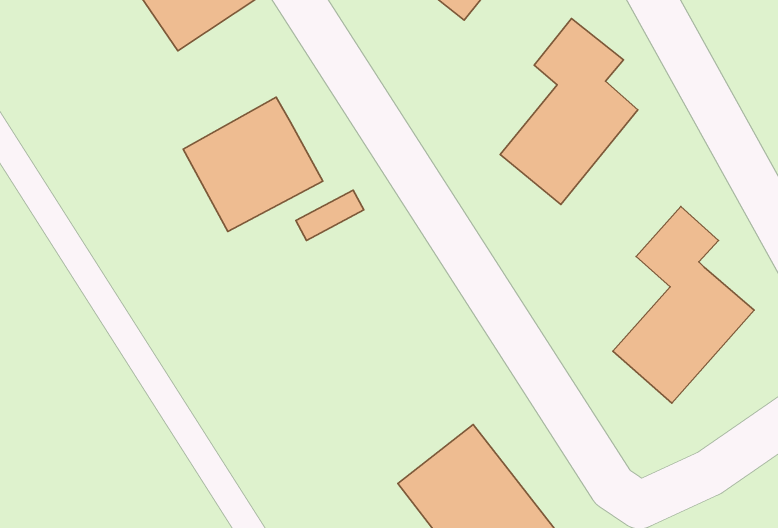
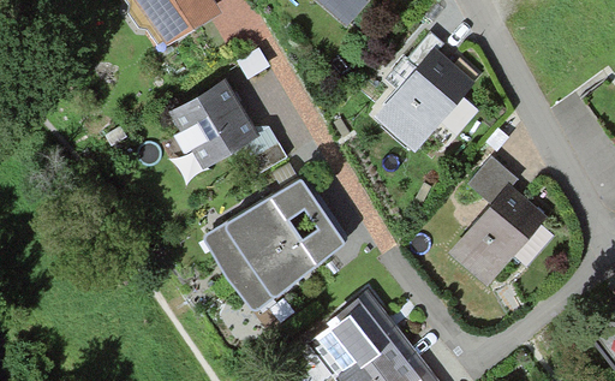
building: none -> [198,177,345,319]

